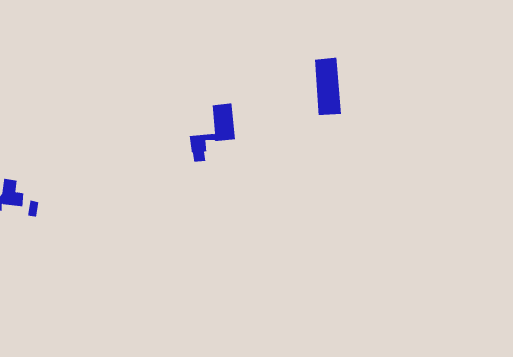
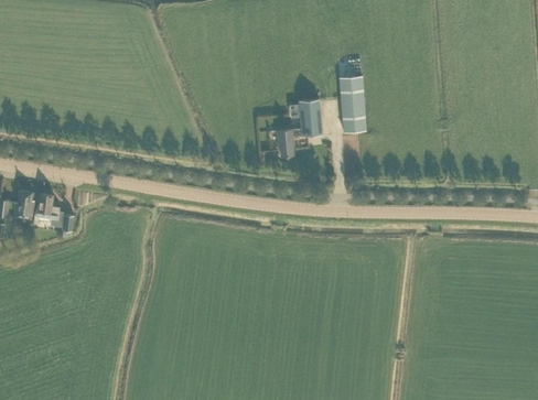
building: [189,103,236,162] -> [276,98,321,155]

